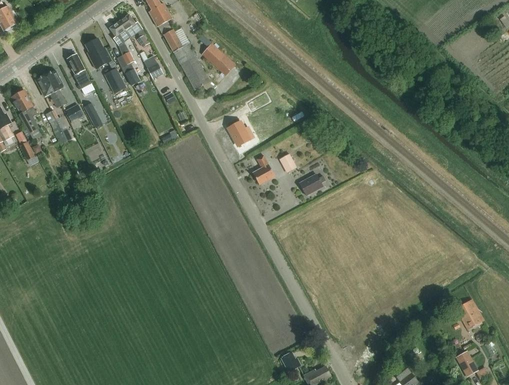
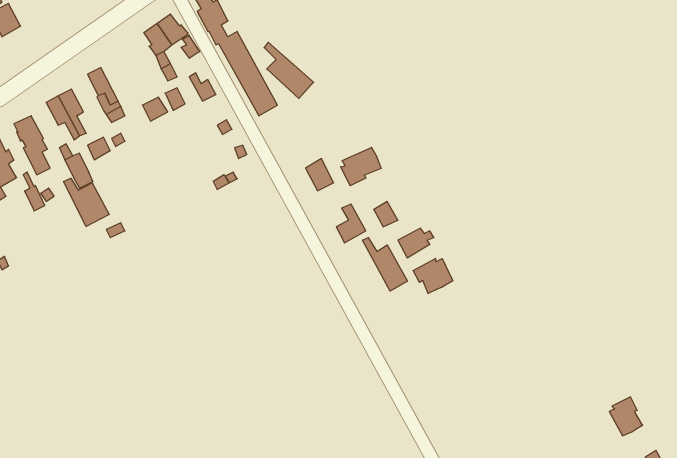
building: [85,38,112,68] -> none
building: none -> [341,147,381,186]
building: none -> [64,178,109,226]
building: none -> [363,238,407,291]
building: none -> [413,258,453,294]

